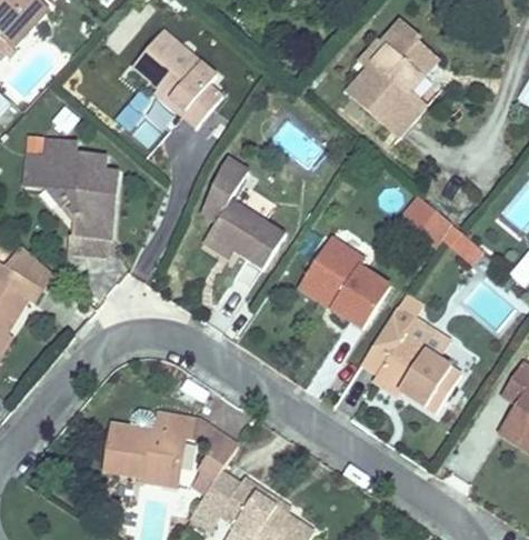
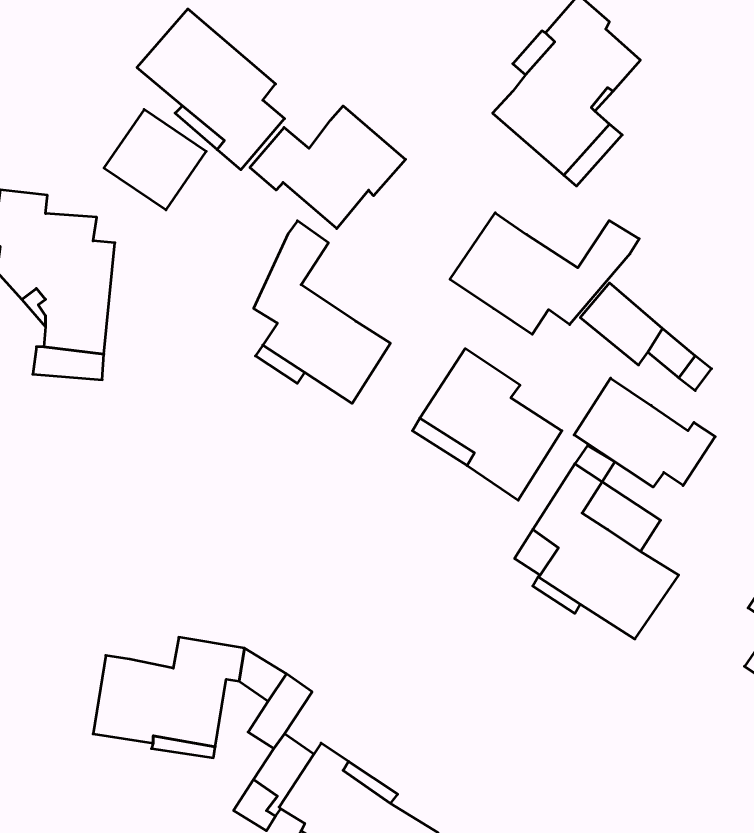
building: none -> [250,106,406,229]
building: none -> [450,213,639,334]
building: none -> [574,378,715,487]

